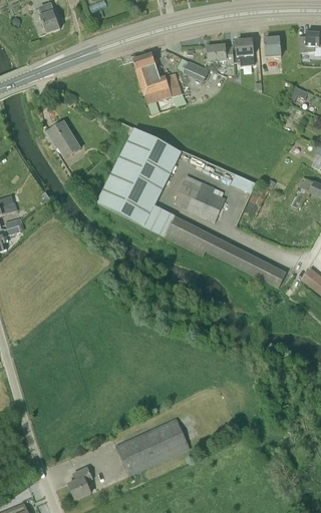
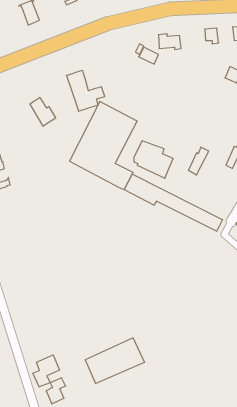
building: [233,39,254,65] -> none
building: [132,53,180,103] -> [66,70,105,111]
building: none -> [33,355,59,387]

